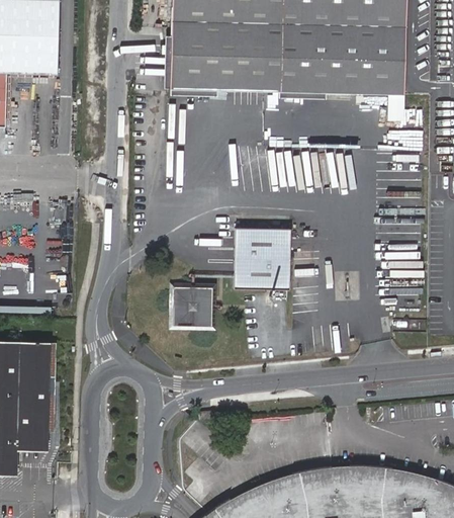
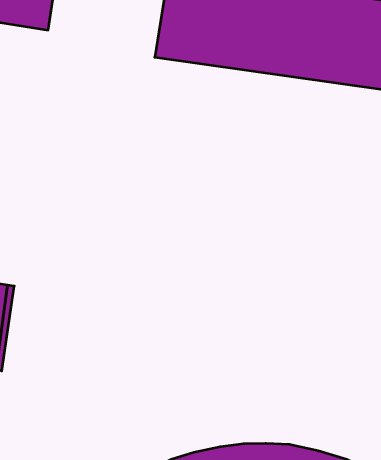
building: [234,230,289,291] -> none
building: [173,286,213,328] -> none

